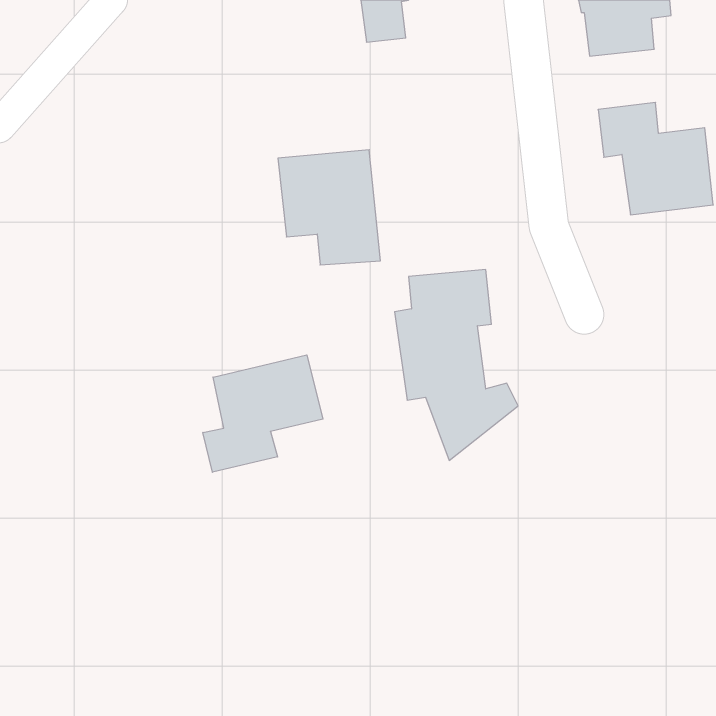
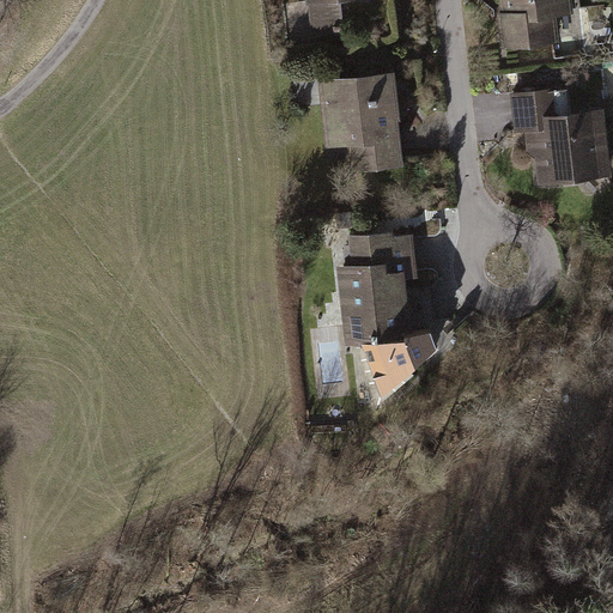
building: [278,150,380,265] -> [317,72,405,170]
building: [203,355,323,472] -> none

